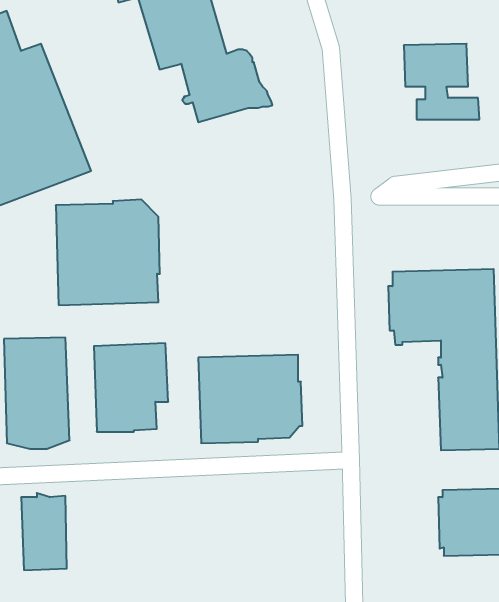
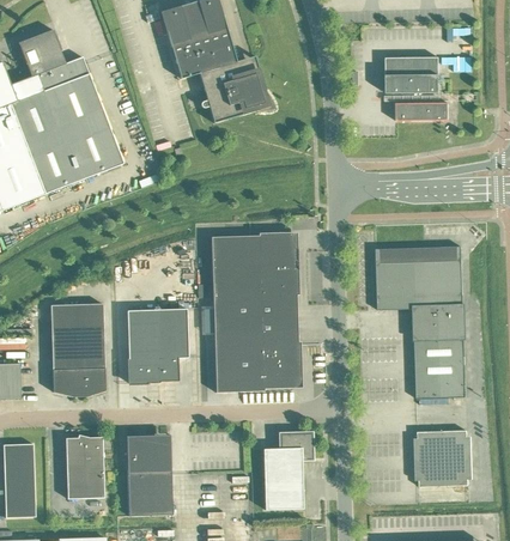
building: [56,200,160,305] -> [211,231,298,320]
building: none -> [262,432,310,509]
building: none -> [126,437,172,515]

